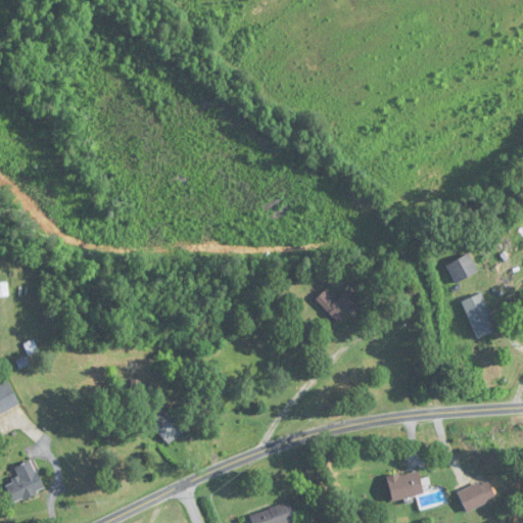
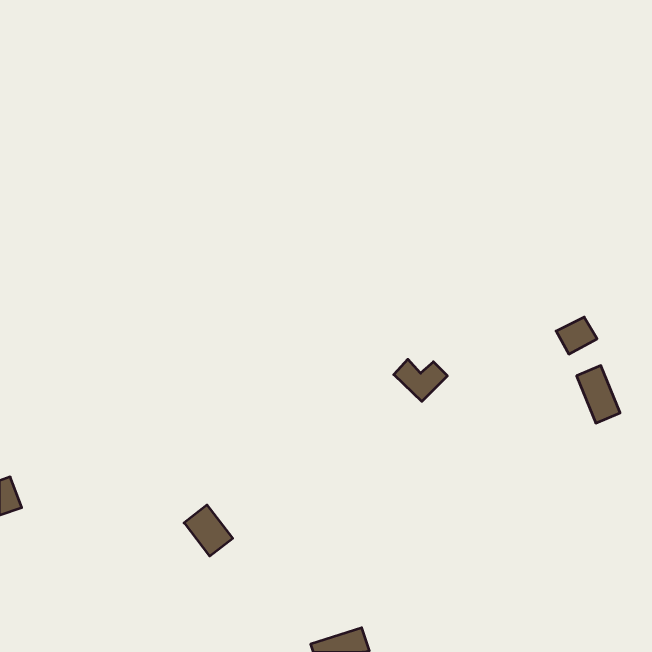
building: [4,460,42,502] -> none
building: [387,471,422,500] -> none
building: [458,480,494,511] -> none

